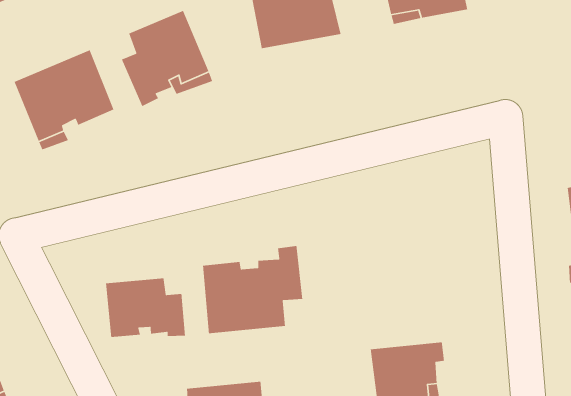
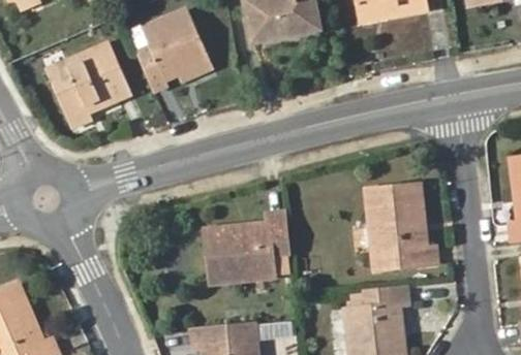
building: none -> [368,185,435,269]
building: [105,277,186,338] -> none

